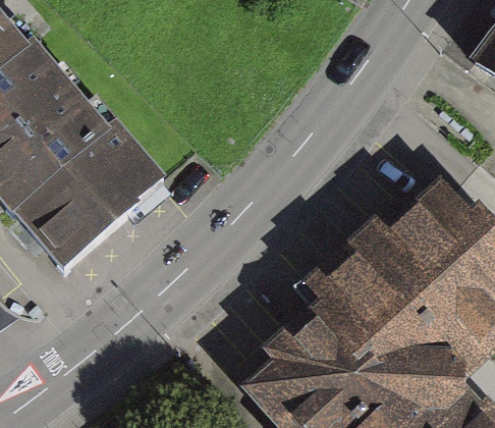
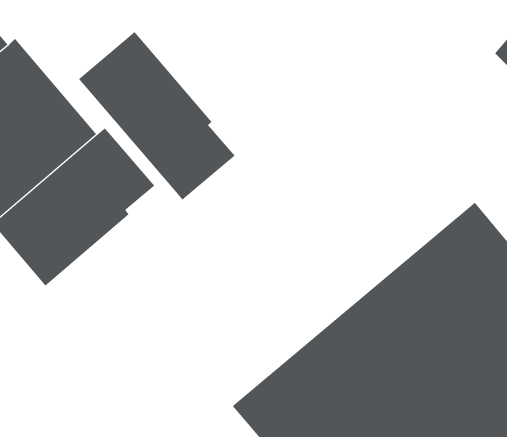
building: none -> [78,31,235,200]

